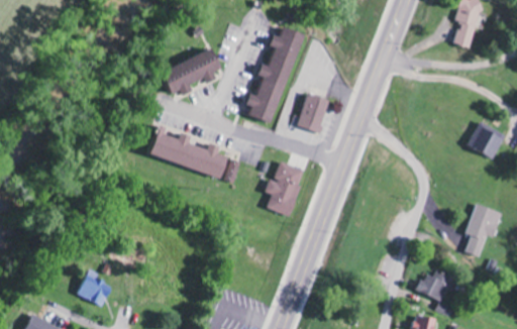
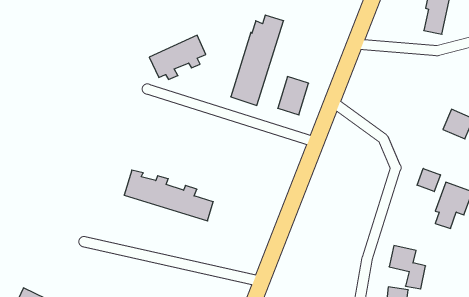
building: [145,128,239,182] -> [124,170,213,221]
building: [267,161,306,217] -> none
building: none -> [417,168,440,192]
building: [77,275,112,306] -> none

